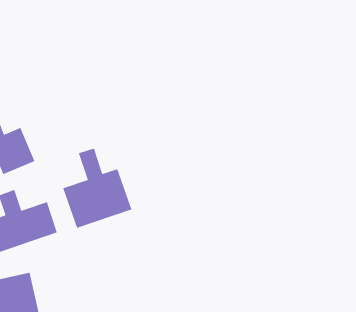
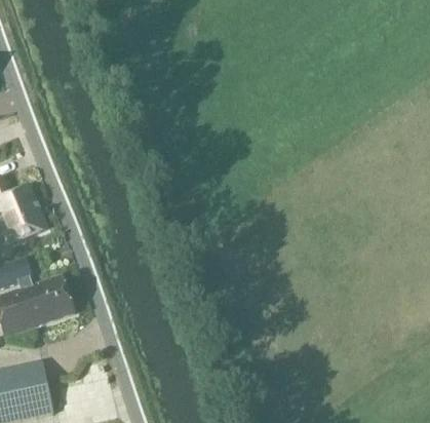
building: [62,148,133,229] -> none

